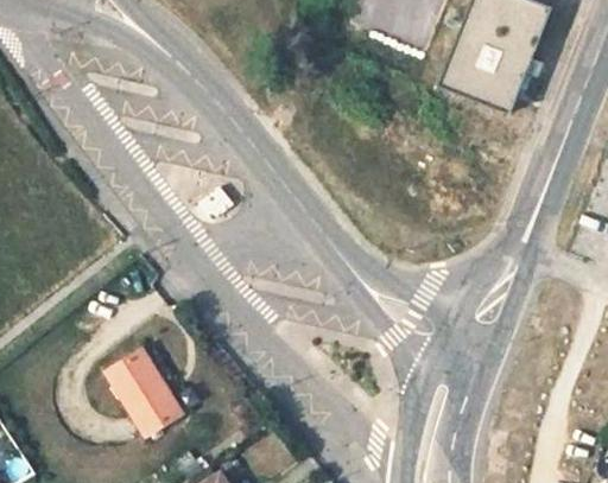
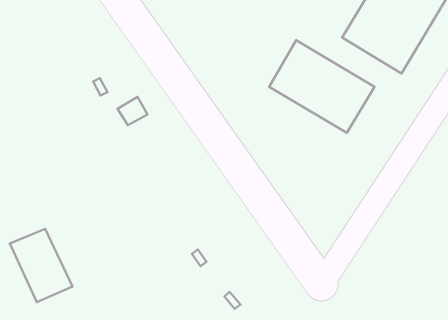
building: none -> [269,40,375,133]

